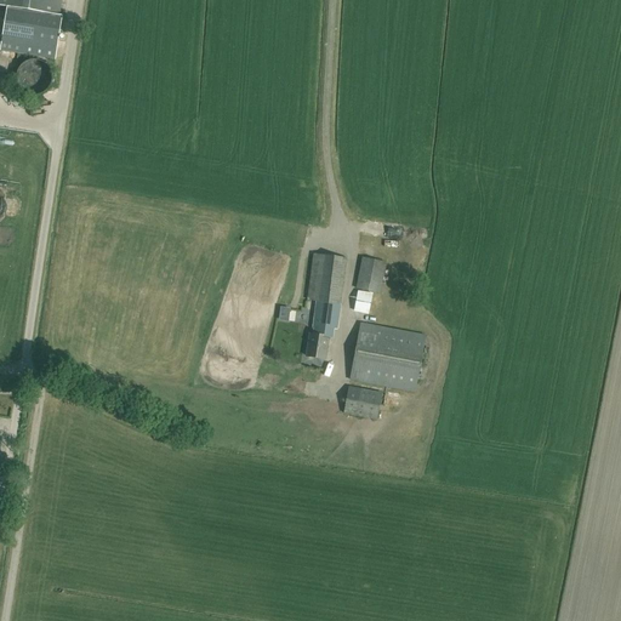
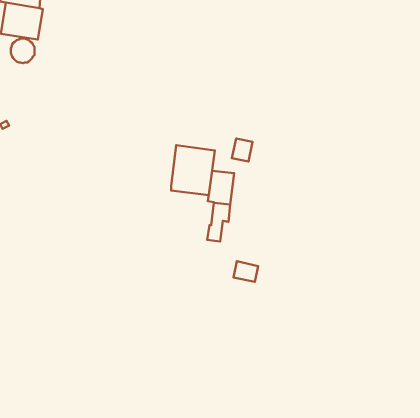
building: none -> [171,145,215,195]
building: [355,256,386,290] -> [232,138,252,161]
building: [349,321,425,389] -> none

